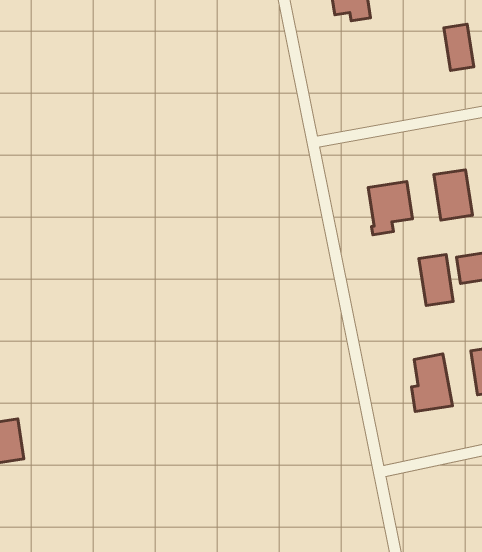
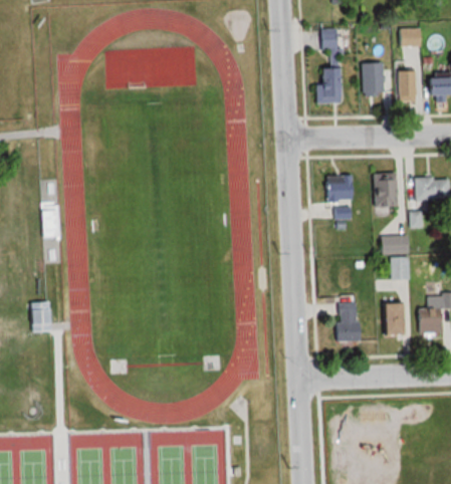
building: none -> [363,63,385,94]
building: none -> [316,68,341,103]
building: [419,254,453,306] -> none

